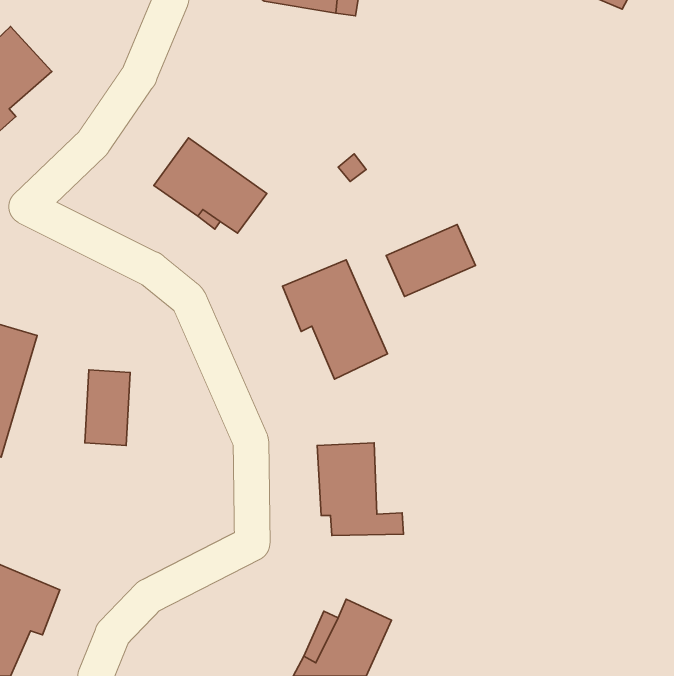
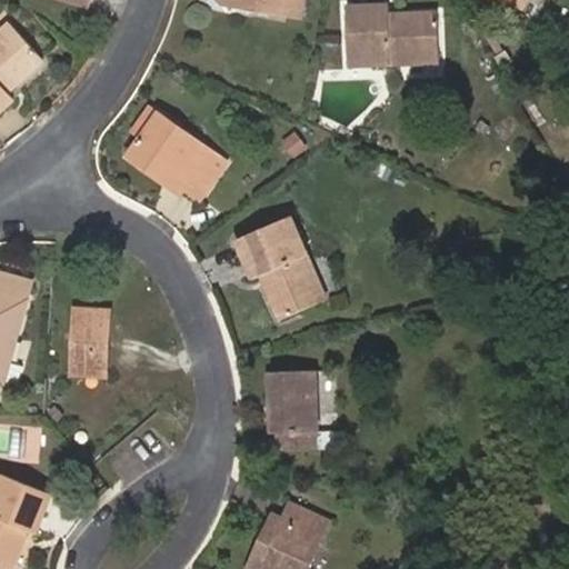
building: none -> [347,6,437,63]
building: [386,225,476,296] -> none

